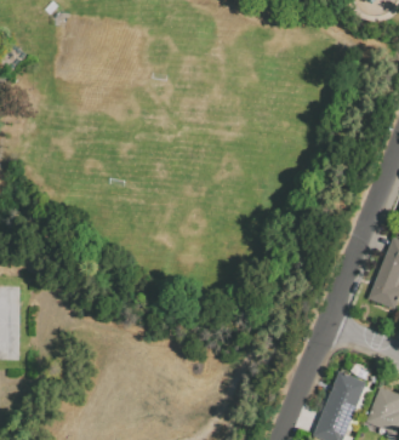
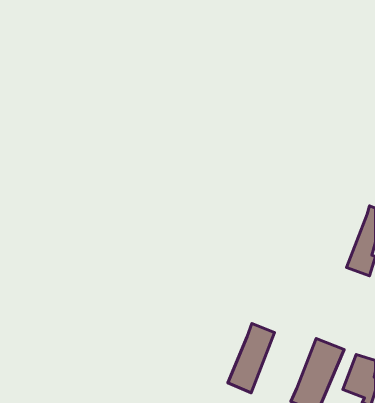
building: none -> [228,323,275,393]

